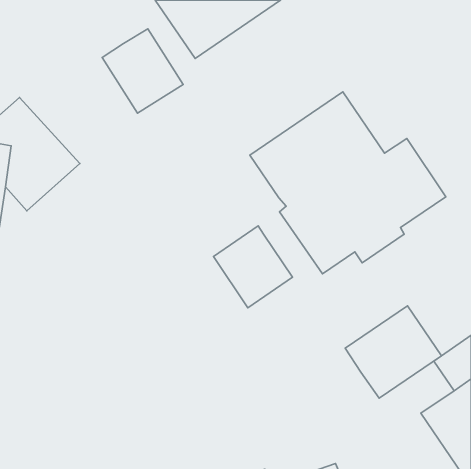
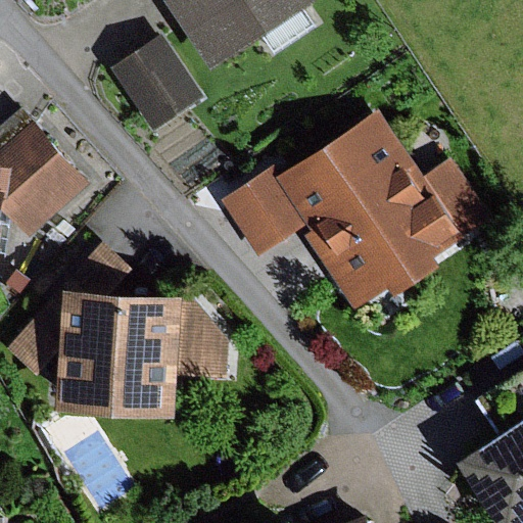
building: none -> [8,246,229,414]
building: [213,226,292,308] -> [220,168,306,257]
building: [345,306,442,398] -> none

